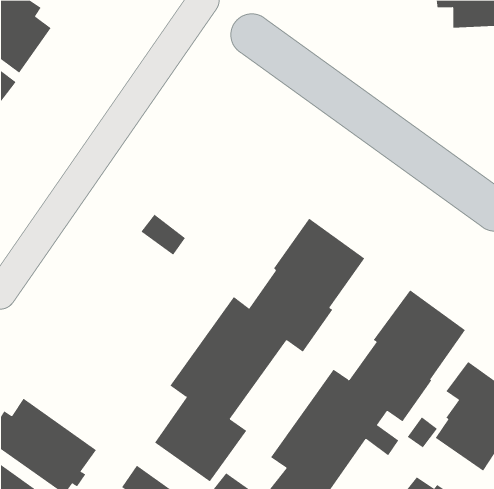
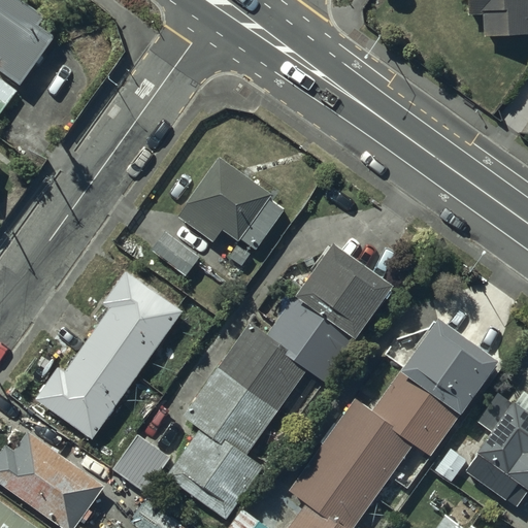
building: none -> [174,155,284,252]
building: none -> [35,272,182,440]
building: none -> [110,435,170,495]

